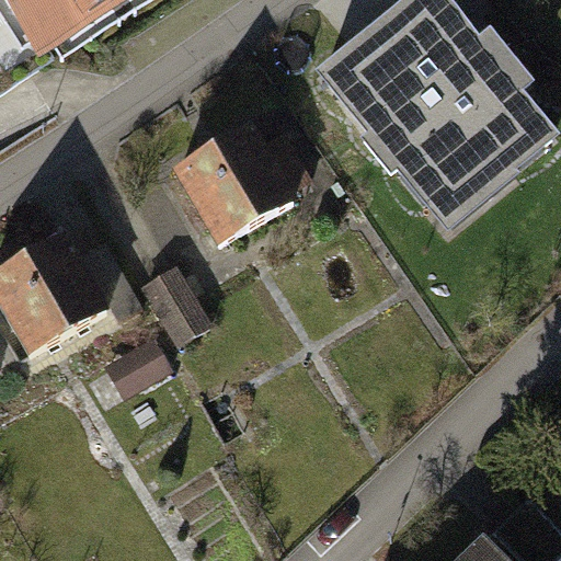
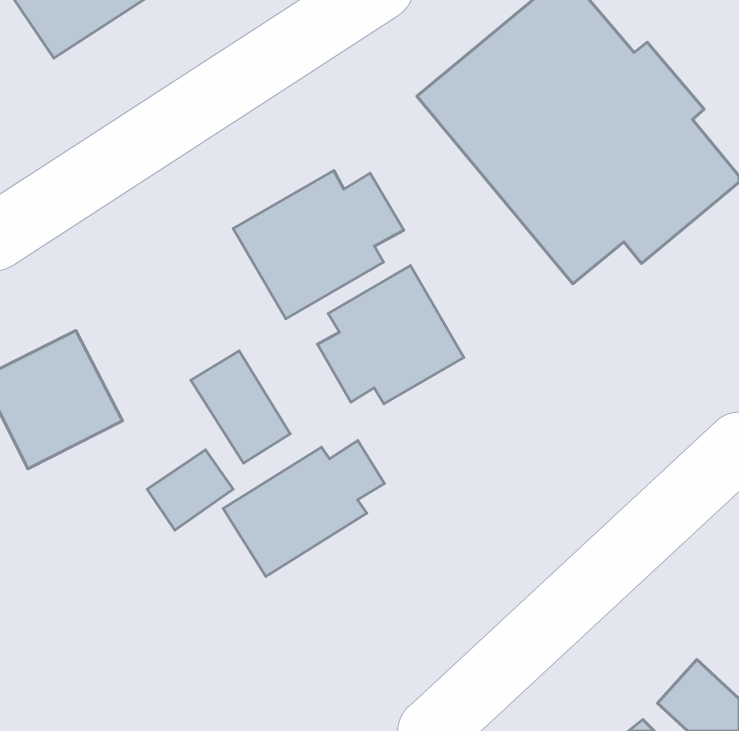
building: none -> [317,266,464,404]
building: none -> [223,440,384,576]

